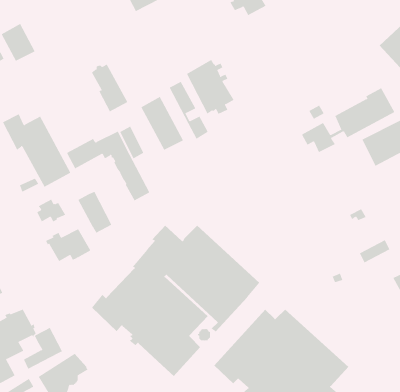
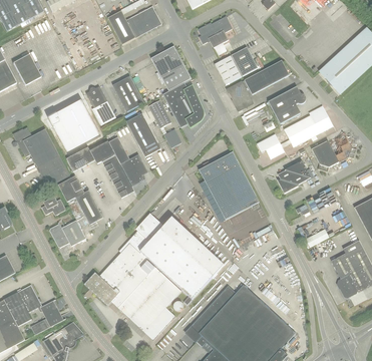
building: none -> [151,46,192,90]
building: none -> [215,46,258,84]
building: none -> [227,59,290,108]
building: none -> [113,75,144,111]
building: none -> [268,85,306,123]
building: none -> [48,99,101,153]
building: none -> [199,151,260,220]
building: none -> [120,153,148,186]
building: none -> [277,160,311,193]
building: none -> [58,175,84,202]

